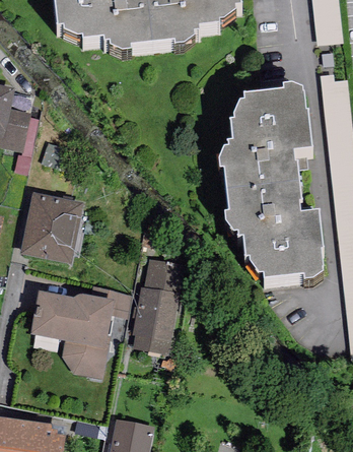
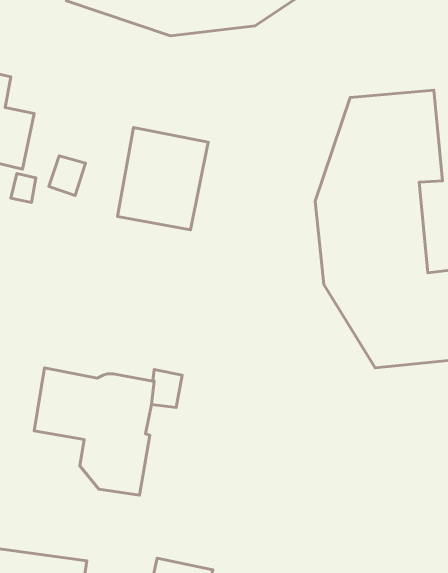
building: [20,188,83,259] -> [117,127,208,230]
building: [131,255,184,350] -> none

